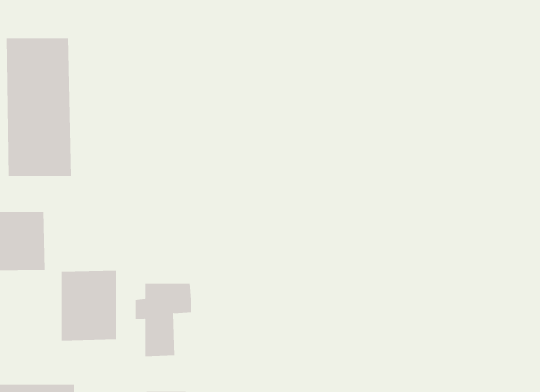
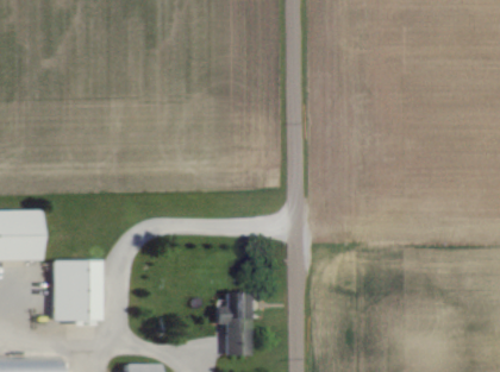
building: [6,38,72,177] -> none
building: [135,283,192,357] -> [218,291,267,354]

